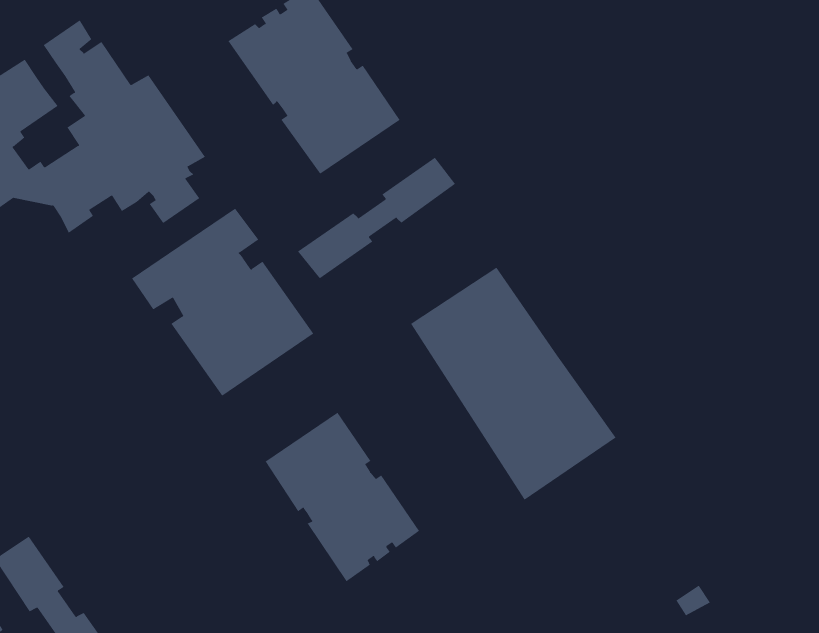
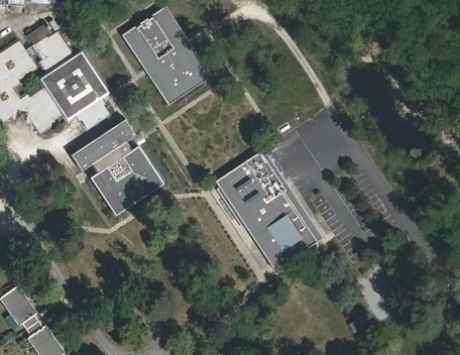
building: [297,157,456,279] -> none
building: [265,412,420,582] -> none

